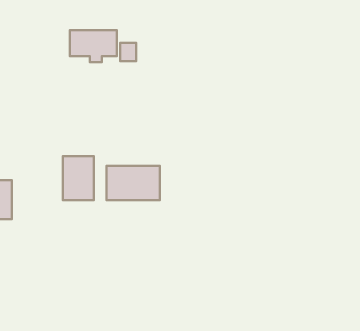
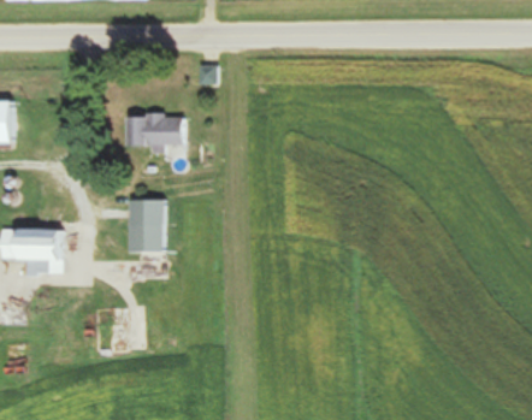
building: [70,30,117,62] -> [126,114,183,153]
building: [106,166,160,200] -> none

